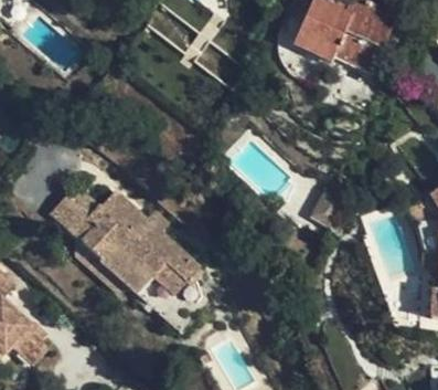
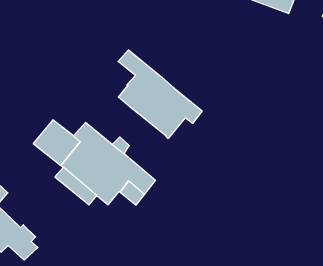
building: none -> [118,50,202,138]

